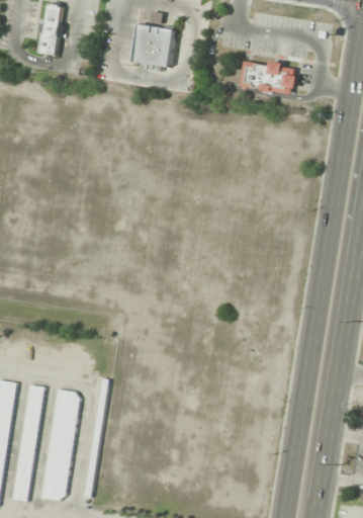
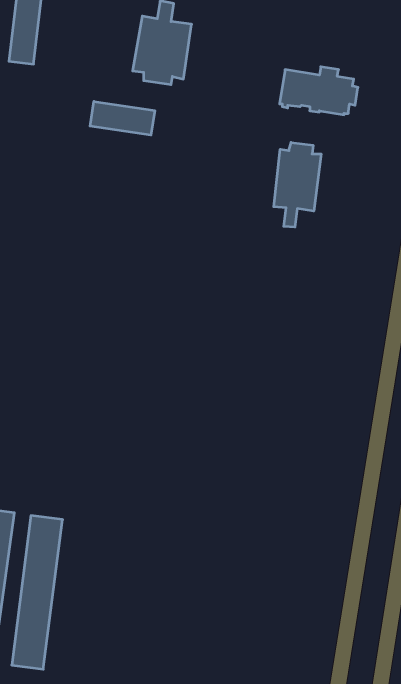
building: none -> [90,101,155,135]
building: none -> [274,142,321,227]

